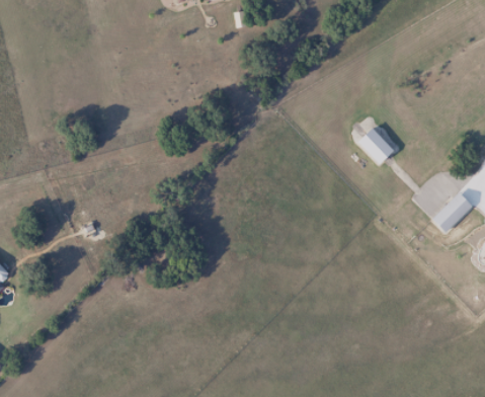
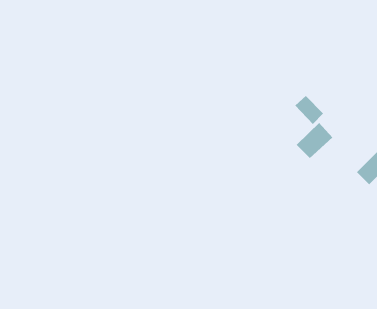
building: none -> [296,122,333,159]

